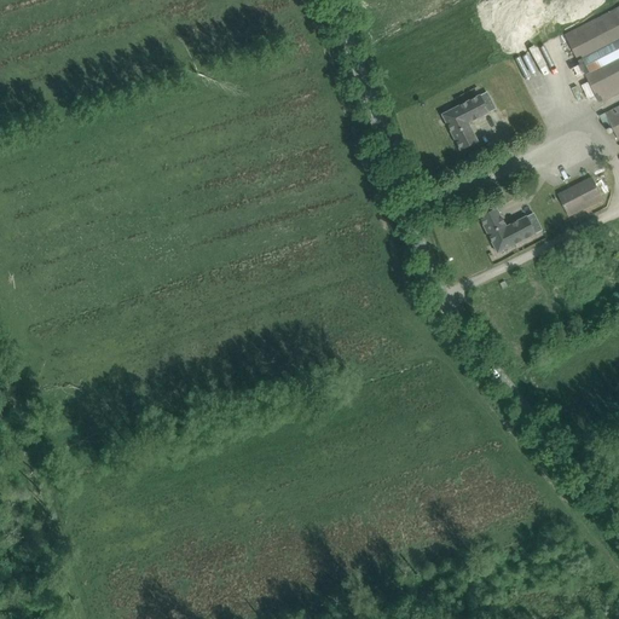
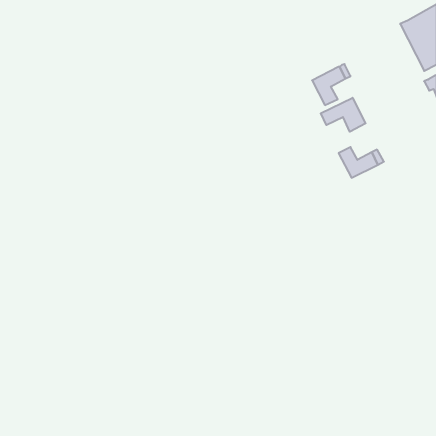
building: none -> [321,98,366,132]
building: [560,177,604,215] -> none

